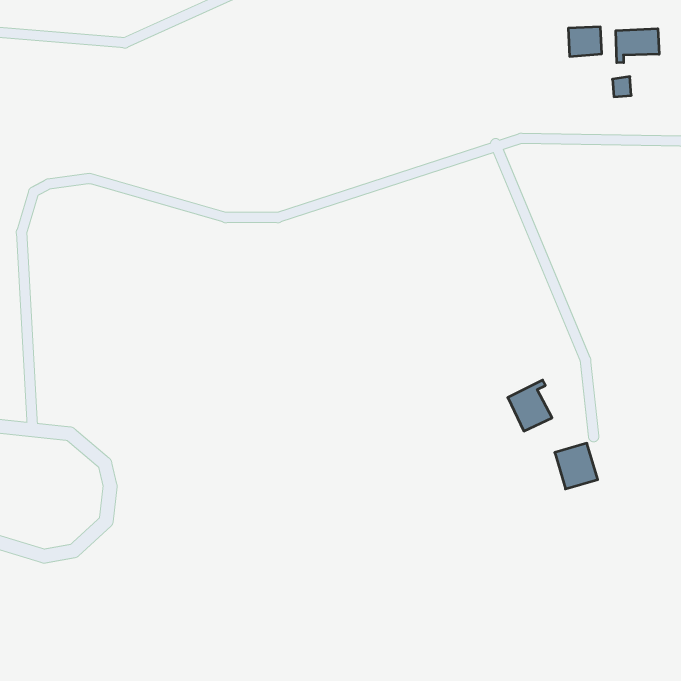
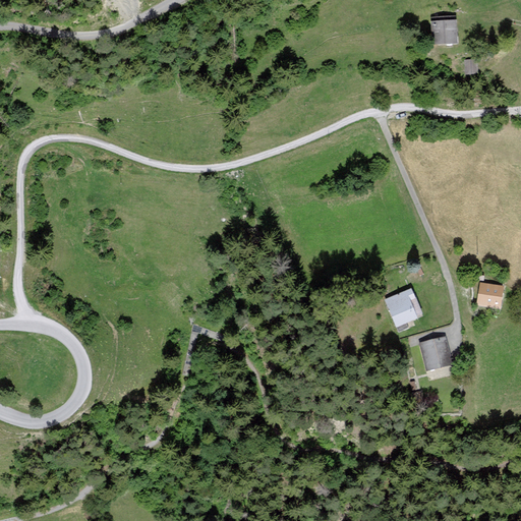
building: [616,29,659,63] -> none
building: none -> [474,282,504,307]

